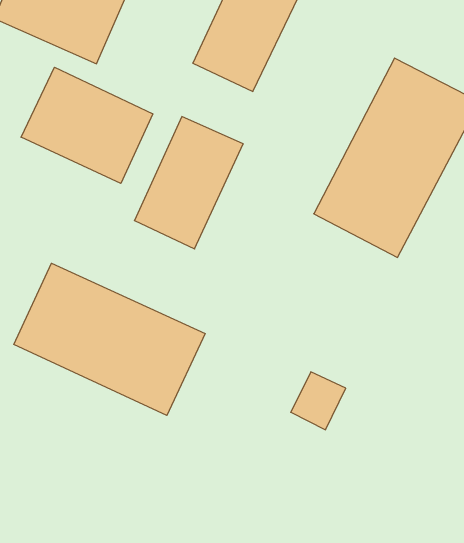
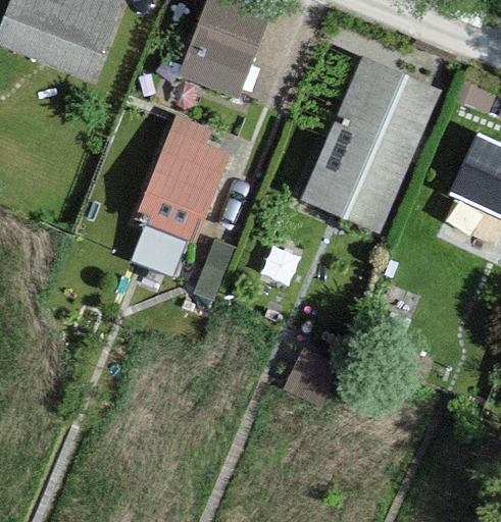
building: [21,67,153,183] -> none
building: [14,263,205,415] -> none

